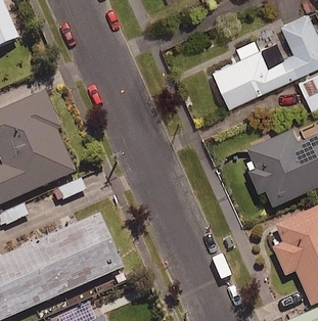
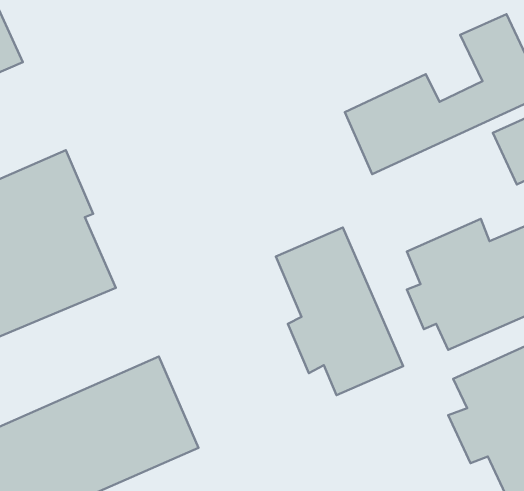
building: none -> [276,227,403,395]

